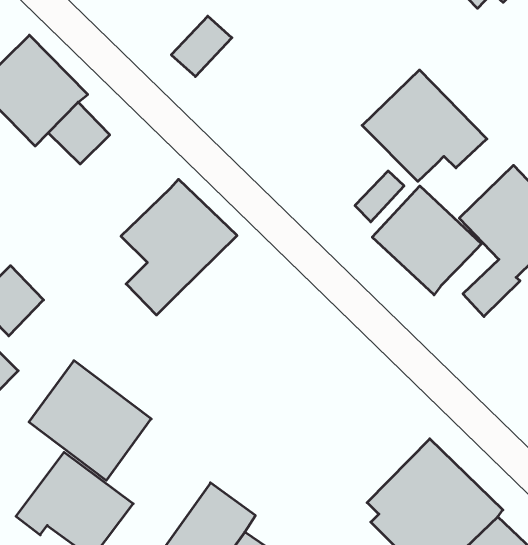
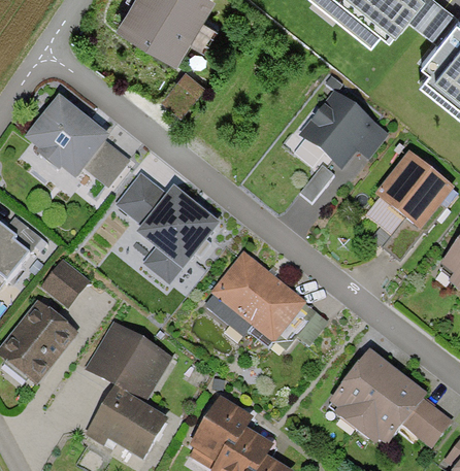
building: none -> [116,171,169,225]
building: [372,186,482,295] -> none
building: none -> [209,251,327,349]

